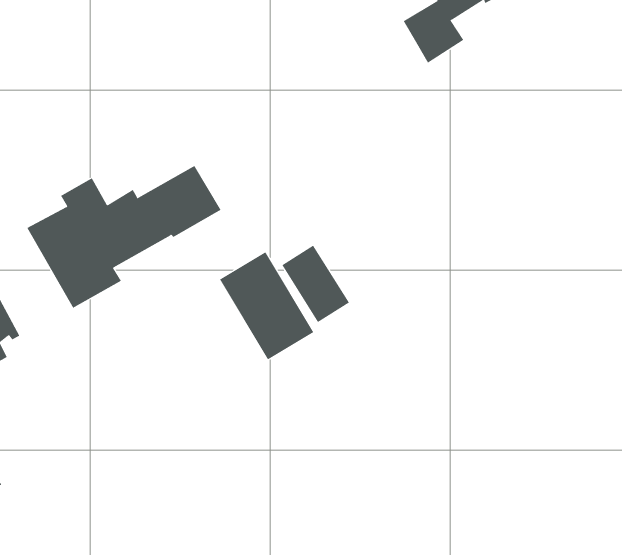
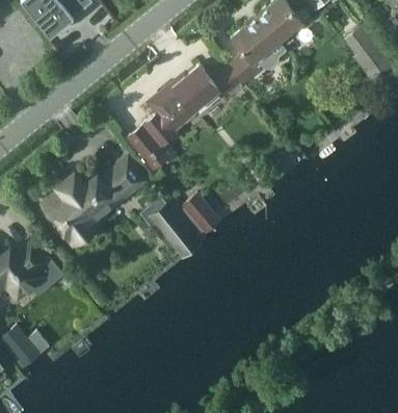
building: none -> [125,66,243,171]

